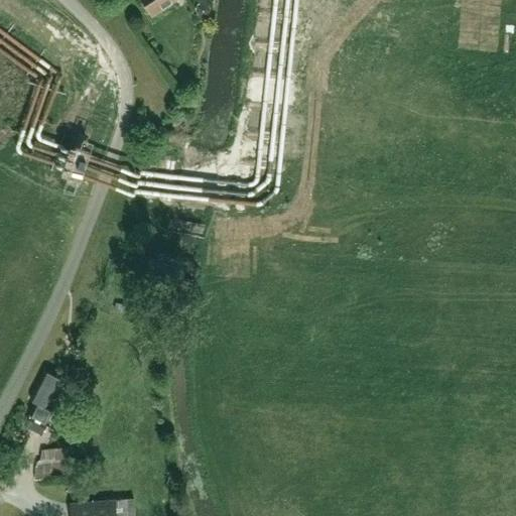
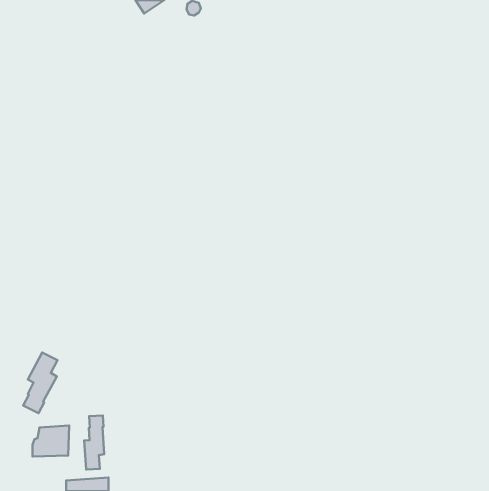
building: none -> [84,415,104,469]

